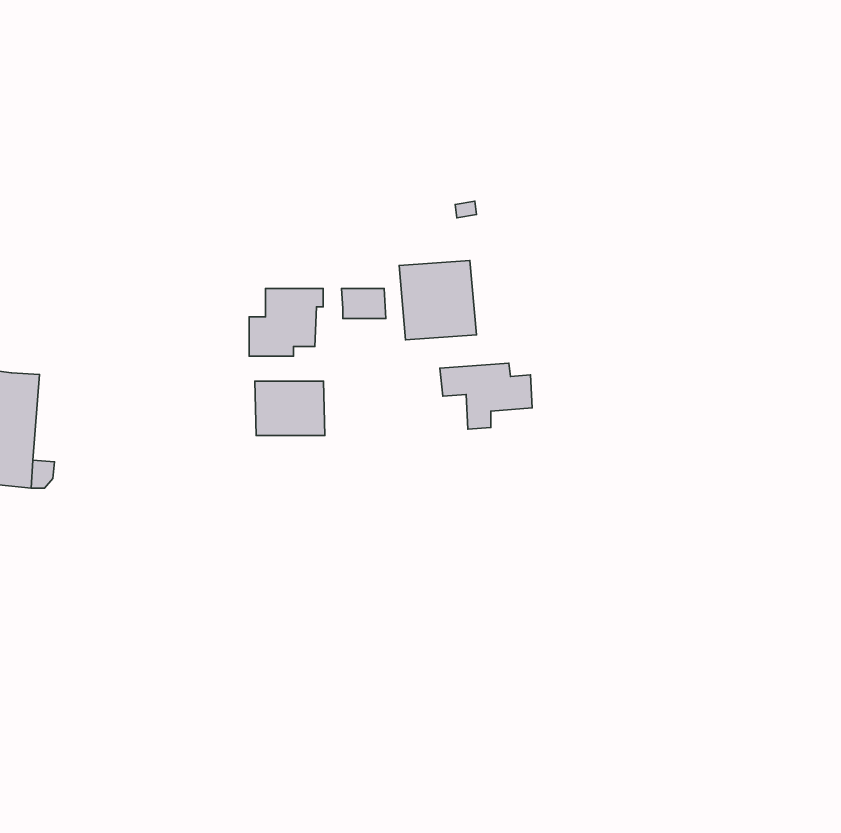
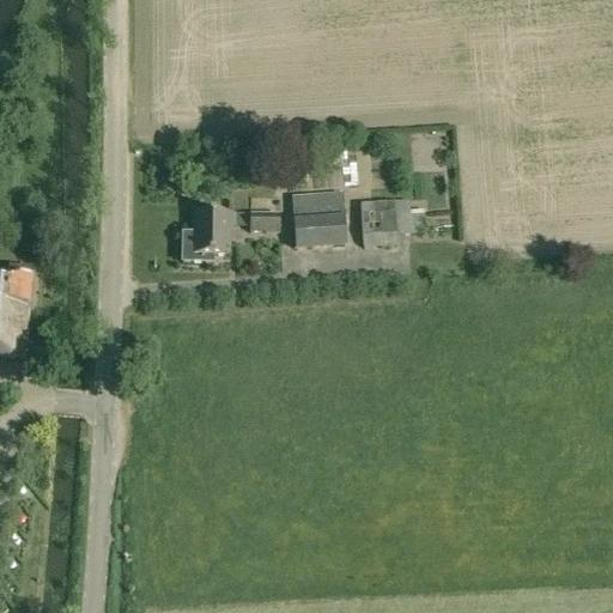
building: [440,363,532,429] -> [358,196,425,244]
building: [255,381,325,436] -> none

